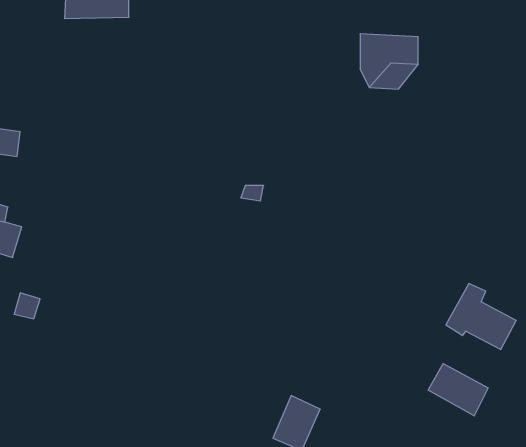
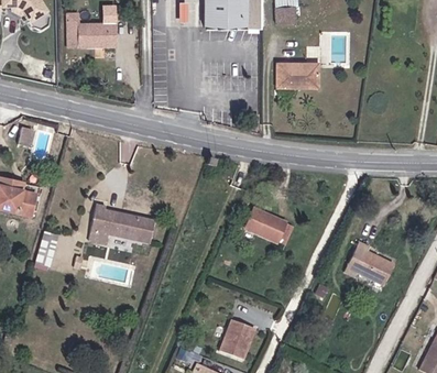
building: none -> [87,206,152,244]
building: none -> [248,209,295,249]
building: [428,364,488,416] -> none

